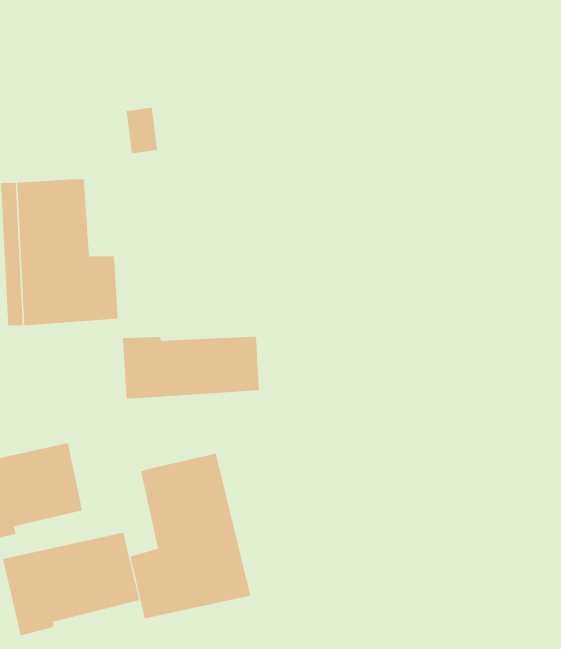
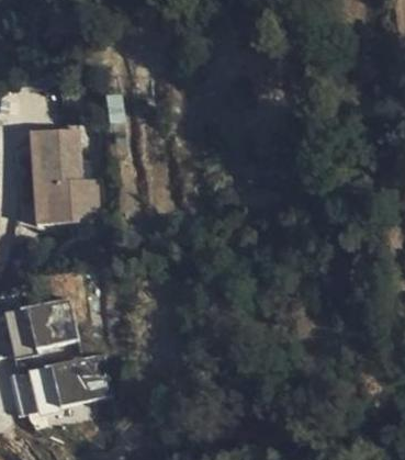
building: [122,336,259,400] -> none
building: [130,453,251,619] -> none

